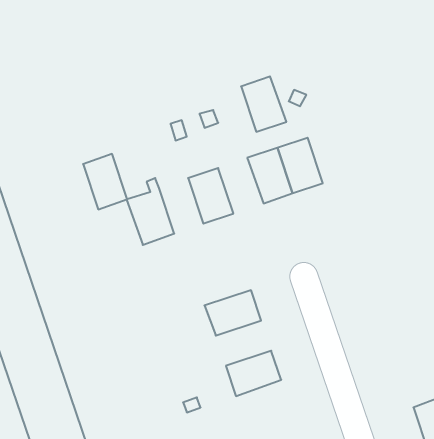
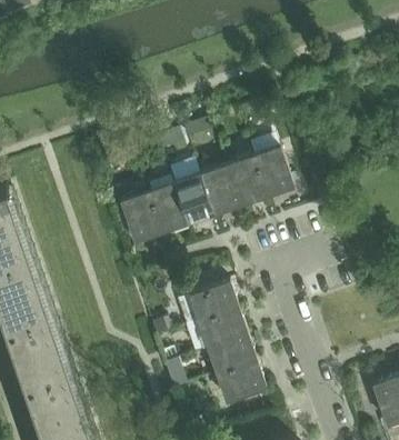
building: [241,76,286,132] -> [200,164,240,213]
building: [83,154,127,209] -> [148,182,187,231]
building: none -> [198,308,247,348]
building: none -> [216,360,265,401]

